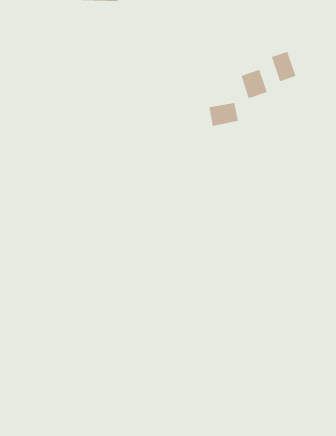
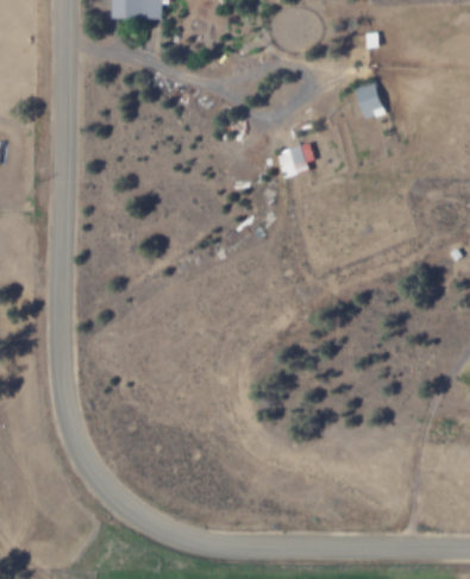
building: [240,69,268,99] -> none

